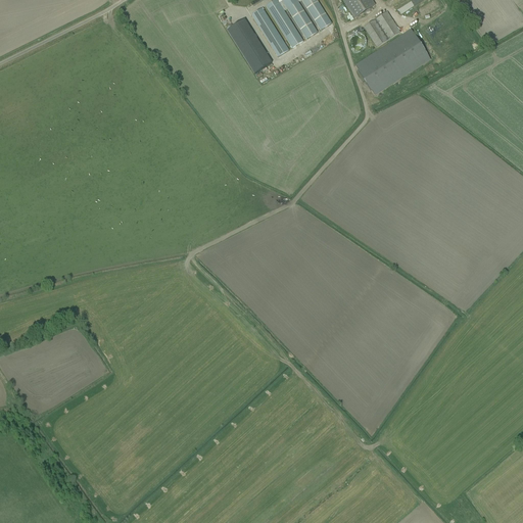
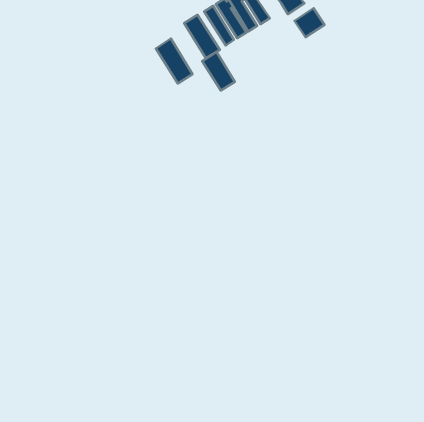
building: [355,29,430,94] -> none
building: none -> [156,38,193,83]
building: none -> [202,52,235,91]

